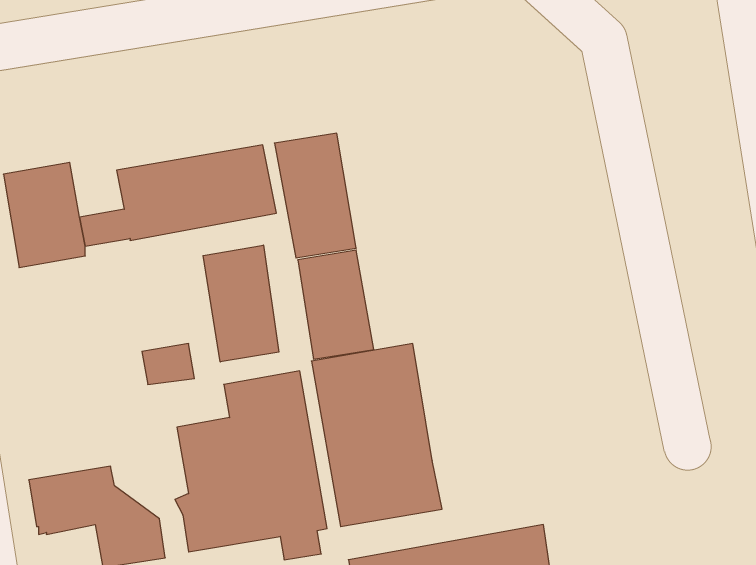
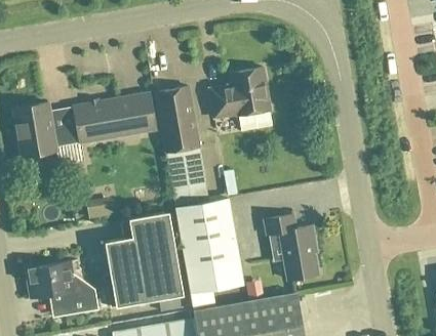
building: none -> [210,68,272,131]
building: [203,245,279,362] -> none
building: none -> [265,214,318,280]

